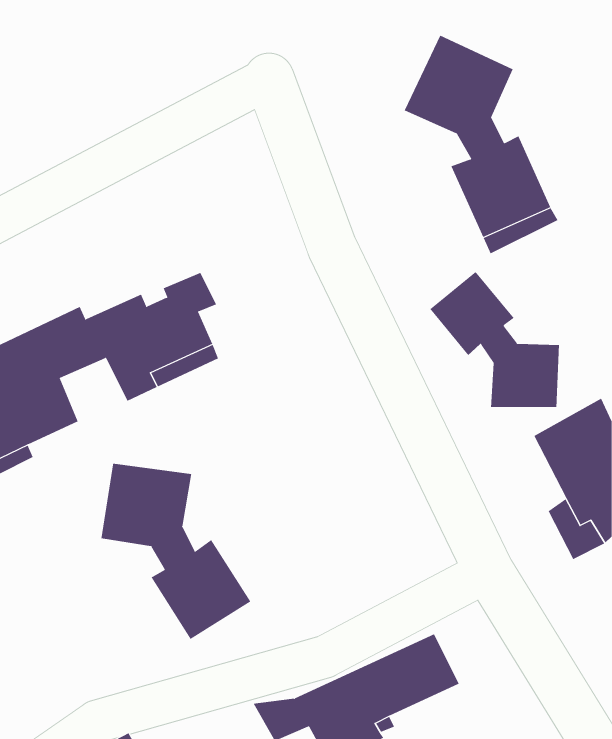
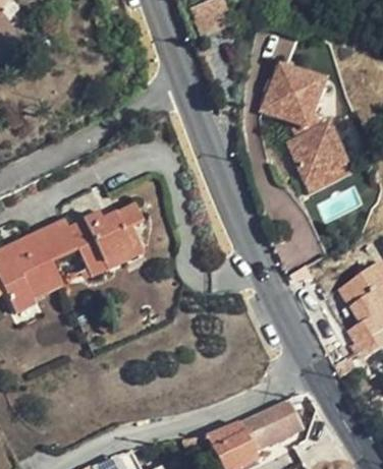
building: [429,271,559,408] -> none
building: [101,463,251,640] -> none

